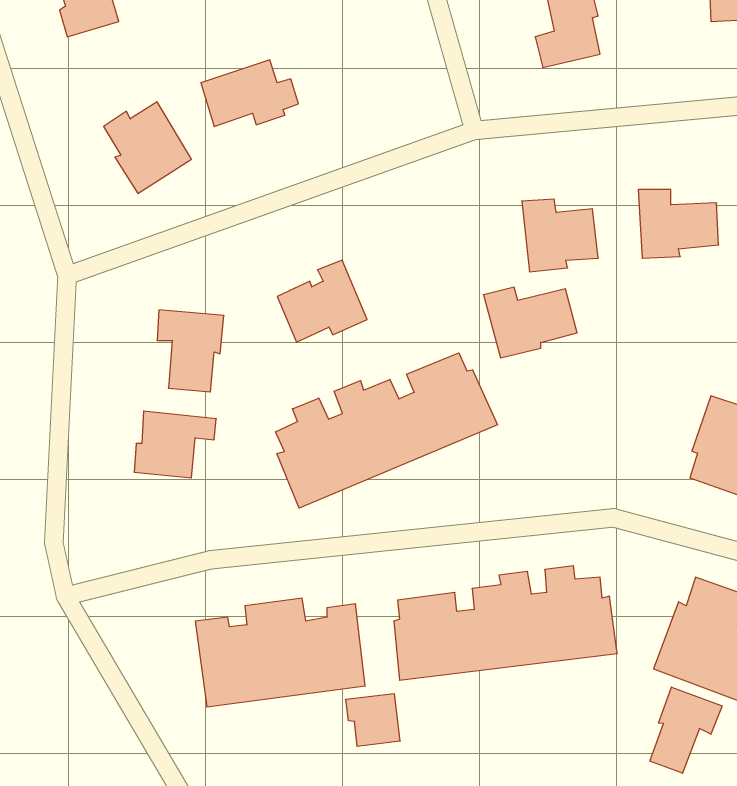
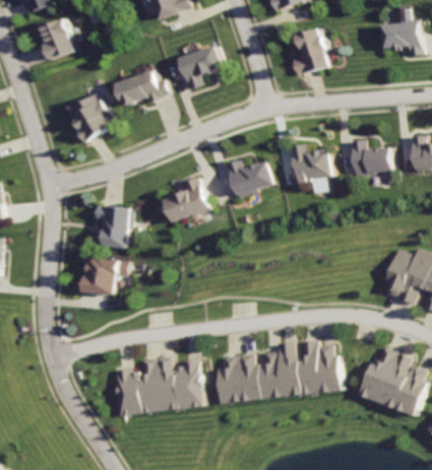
building: none -> [176,45,225,88]
building: [483,287,577,358] -> [222,159,271,197]
building: [275,353,497,508] -> none
building: [650,687,722,773] -> none
building: [346,694,400,746] -> none

